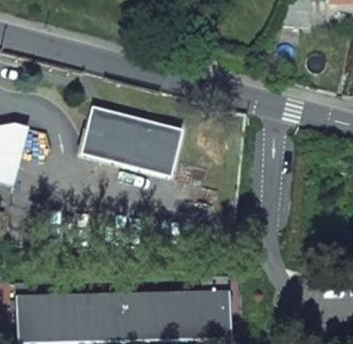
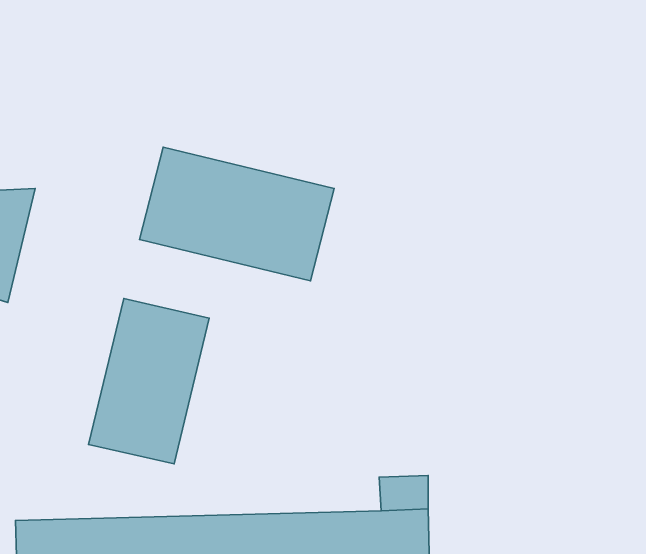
building: none -> [89,299,209,464]

